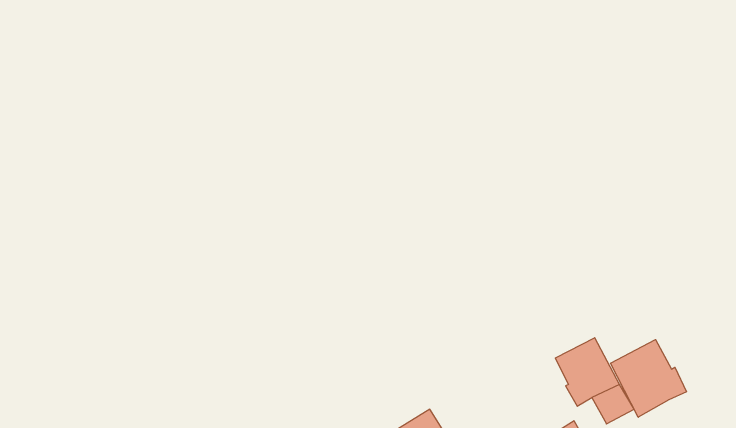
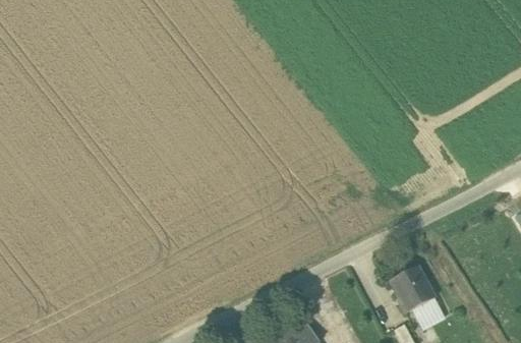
building: [611,340,686,417] -> none

